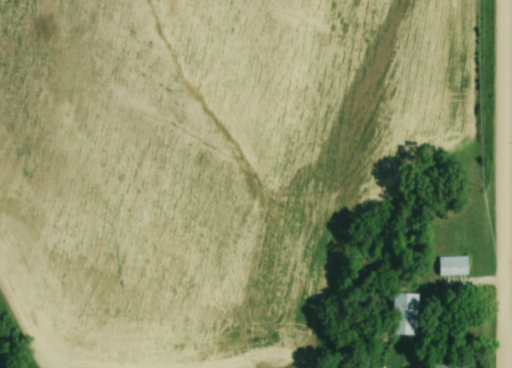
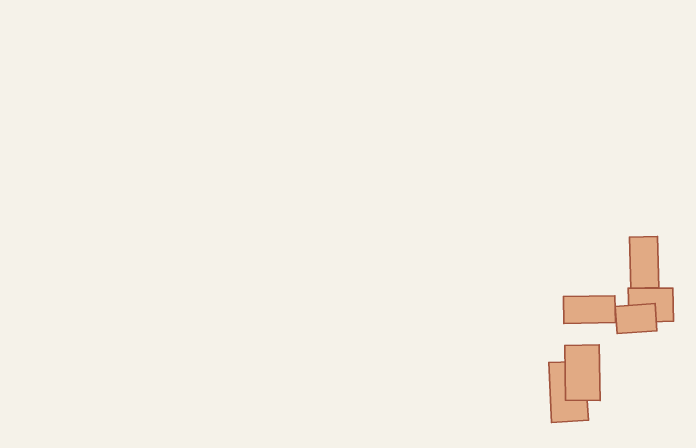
building: none -> [629,237,659,288]
building: none -> [564,296,615,323]

